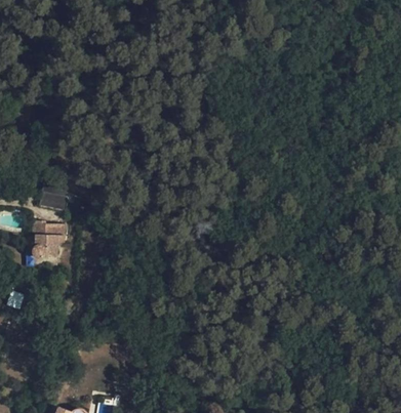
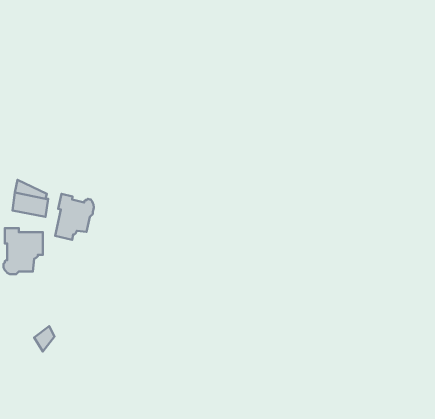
building: none -> [55,194,94,240]

